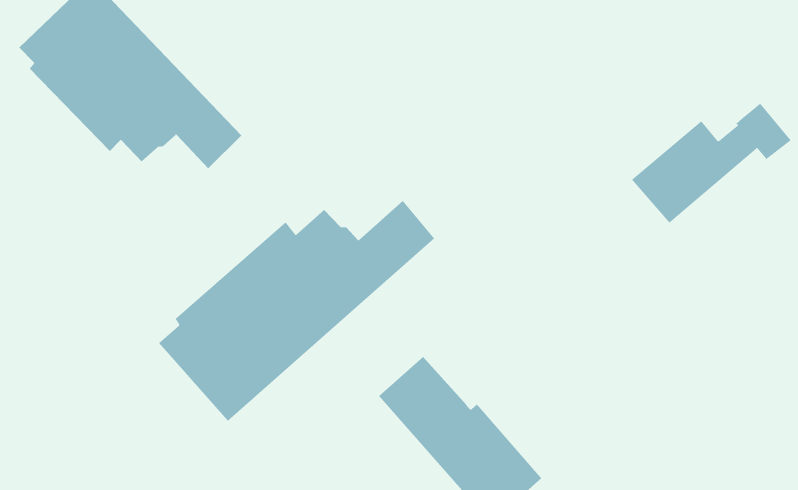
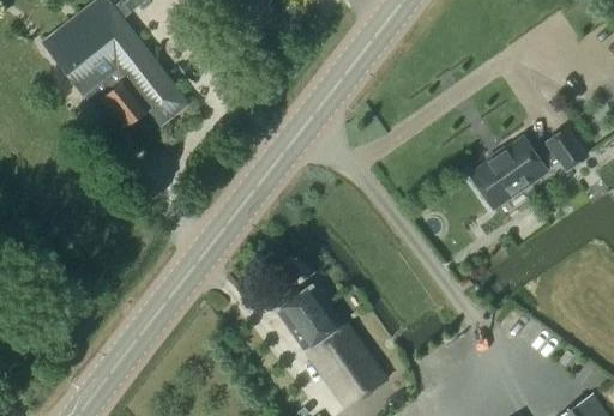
building: [158,200,435,422] -> none

